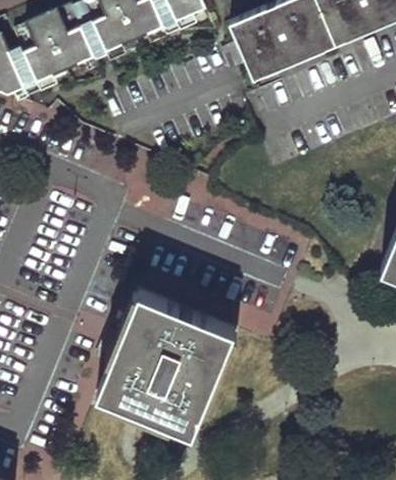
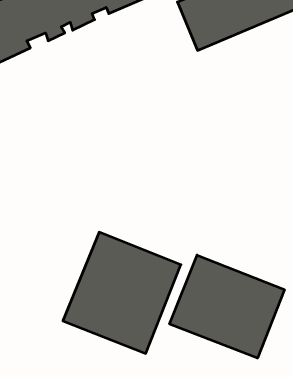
building: none -> [170,255,284,358]

